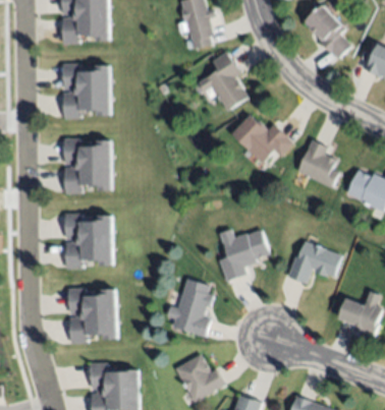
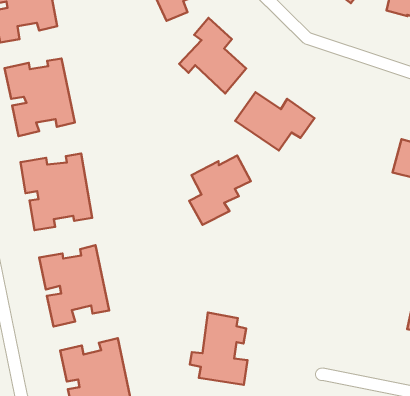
building: [295,138,337,188] -> none
building: [218,231,268,280] -> [189,155,251,225]
building: [287,240,341,282] -> none

